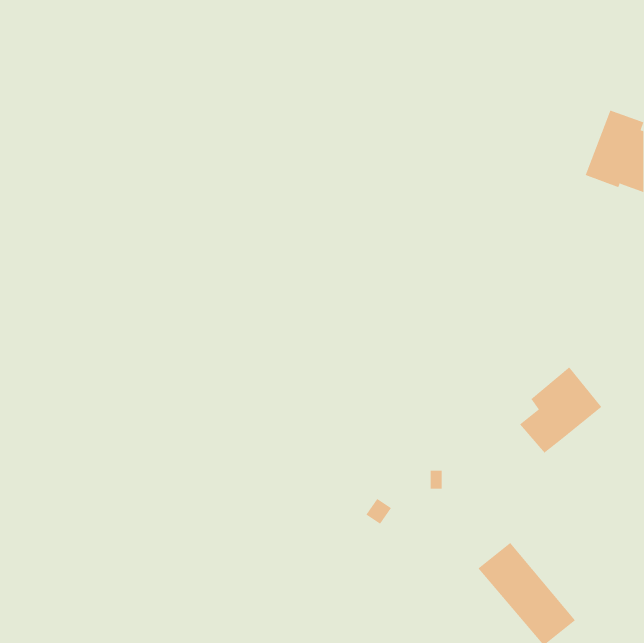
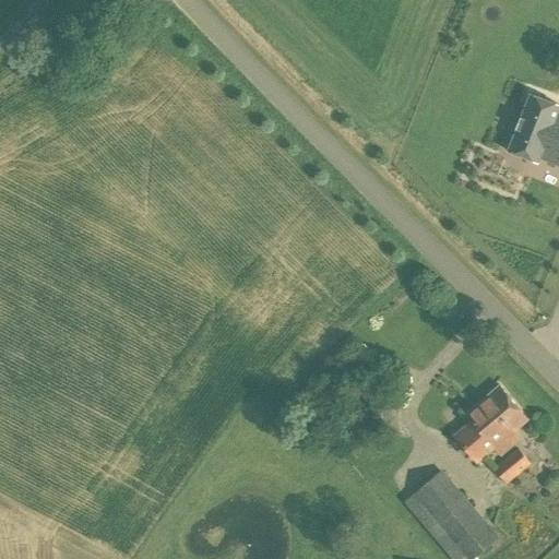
building: [519,367,602,454] -> [454,388,526,463]
building: none -> [493,449,531,485]

